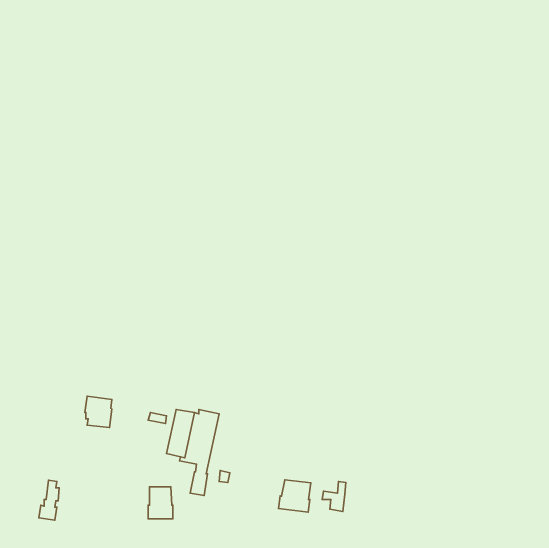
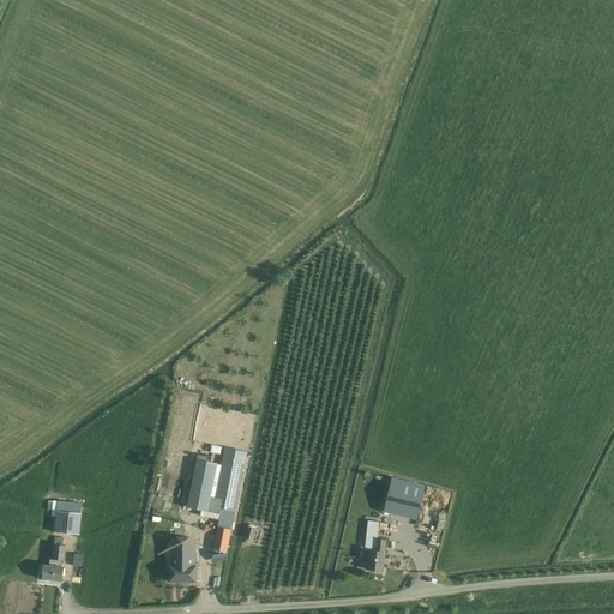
building: [85,396,112,427] -> [52,499,82,534]
building: none -> [384,477,425,518]
building: [279,480,311,512] -> none

